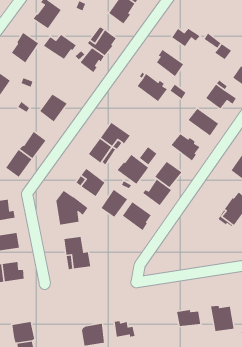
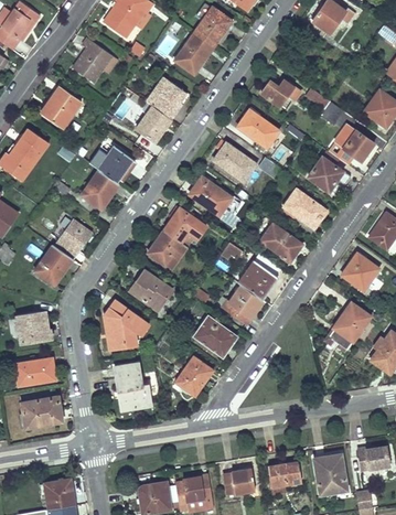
building: [43,34,77,60] -> [88,146,135,181]
building: none -> [191,176,231,214]
building: [116,154,149,185] -> none
building: [101,189,128,218] -> [174,355,212,395]
building: none -> [224,468,255,494]

